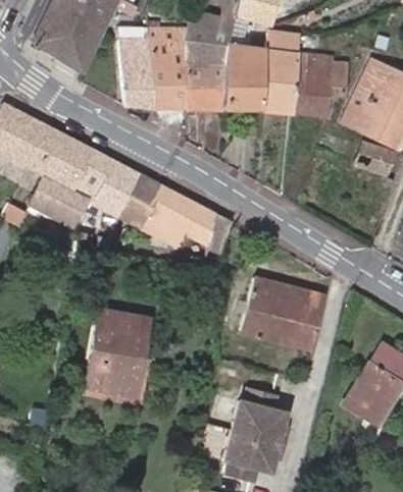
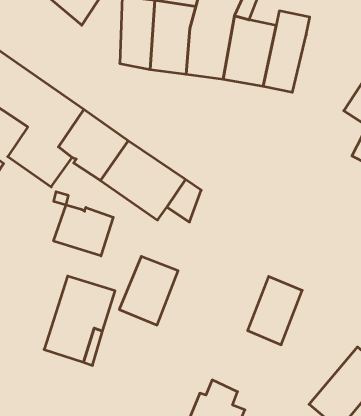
building: [292,53,347,115] -> none
building: none -> [54,205,113,256]
building: [241,277,292,340] -> [119,256,178,325]

